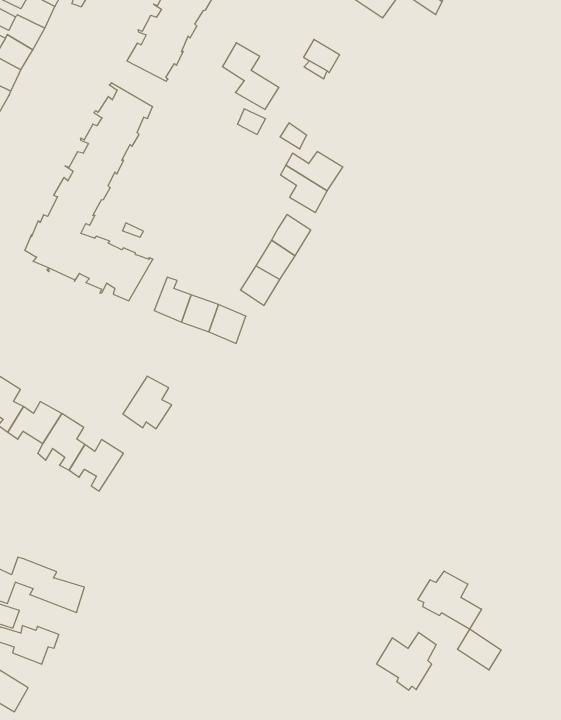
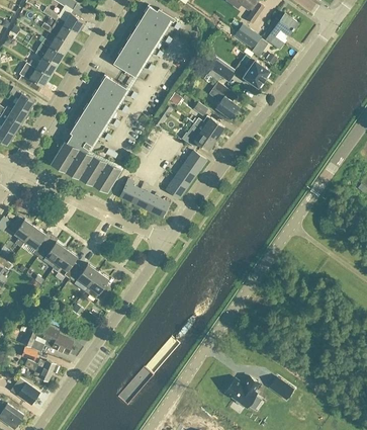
building: none -> [243,57,270,86]
building: [222,43,279,109] -> [209,81,239,117]
building: [123,376,172,429] -> [84,271,110,299]
building: [418,571,482,629] -> none

